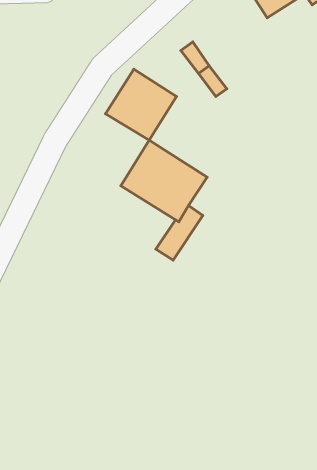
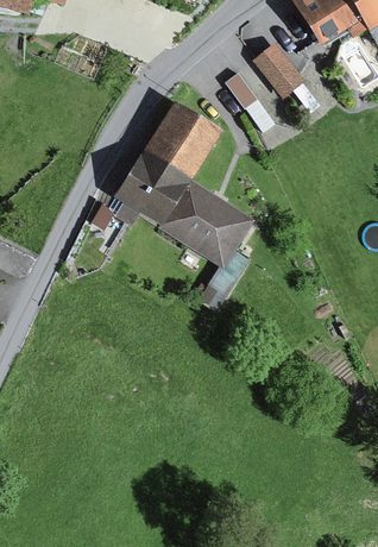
building: none -> [253,43,304,98]
building: none -> [113,150,190,228]

